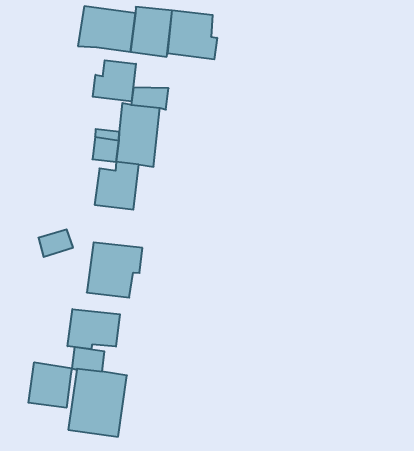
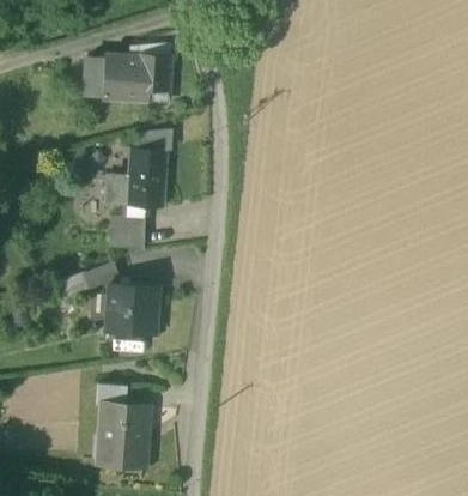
building: [168,10,217,59] -> none
building: [93,60,136,102] -> none
building: [68,309,120,349] -> none
building: [28,362,72,408] -> none

